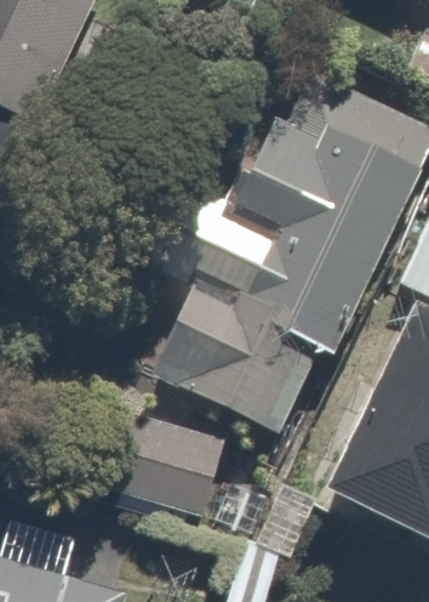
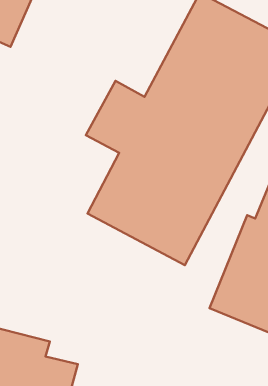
building: [86,408,230,522] -> none

